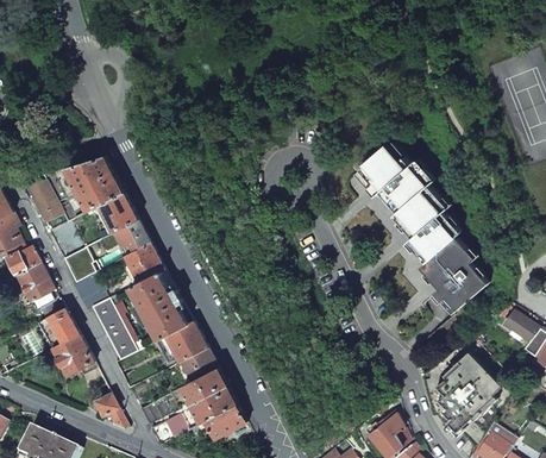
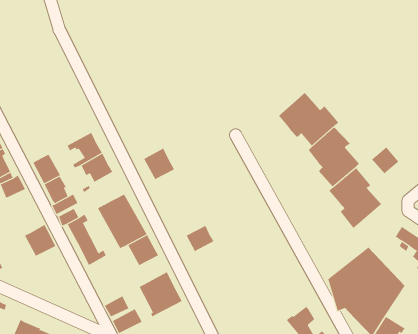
building: [65,155,123,214] -> none
building: [25,180,62,224] -> none
building: none -> [371,147,399,174]
building: [125,243,164,283] -> [144,148,175,180]
building: [15,264,64,319] -> none
building: [52,335,96,376] -> none
building: [182,347,218,381] -> [186,225,214,252]
building: [95,394,127,429] -> none
building: [205,404,245,439] -> none

